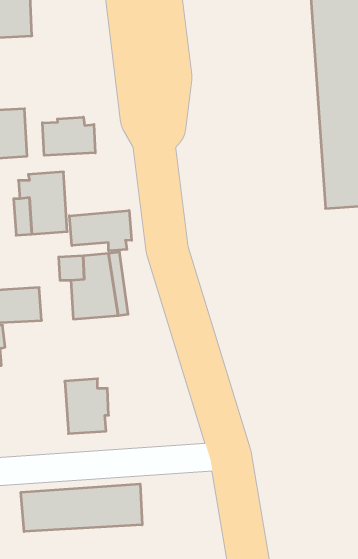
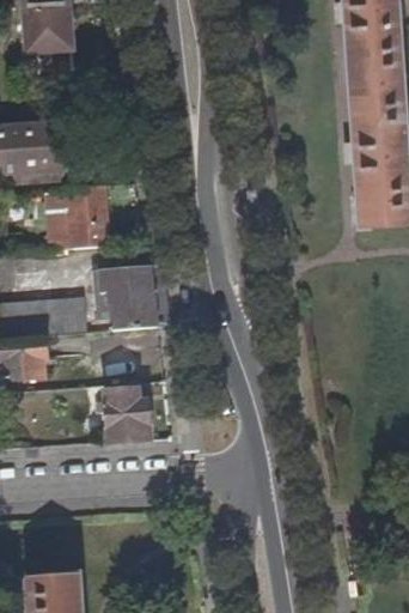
building: [42,117,95,155] -> none
building: [69,210,132,251] -> none
building: [21,484,142,532] -> none

